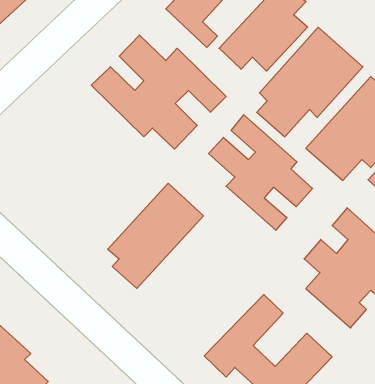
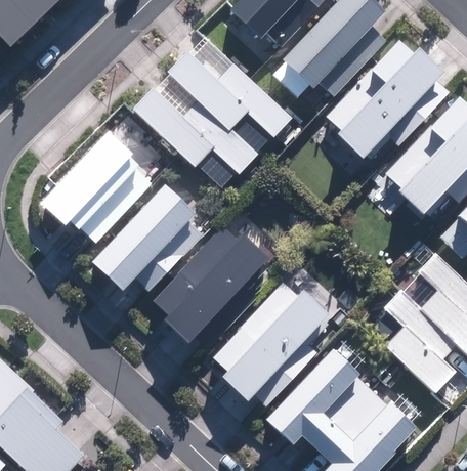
building: none -> [40,116,167,240]
building: [209,115,313,230] -> none
building: none -> [89,182,207,290]
building: none -> [206,280,330,404]

